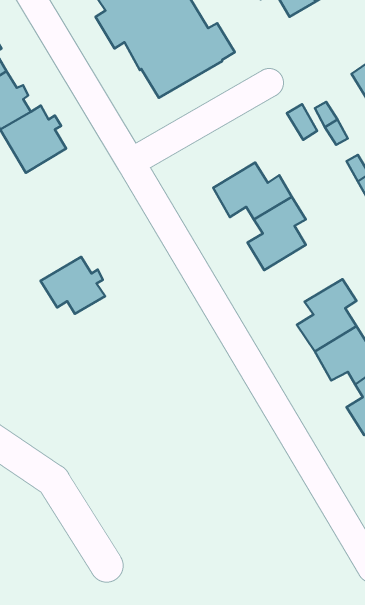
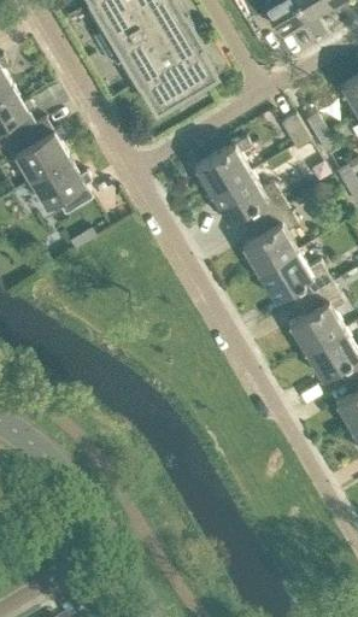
building: none -> [192,137,247,194]
building: none -> [256,248,330,302]
building: [41,257,105,314] -> [29,157,90,211]

